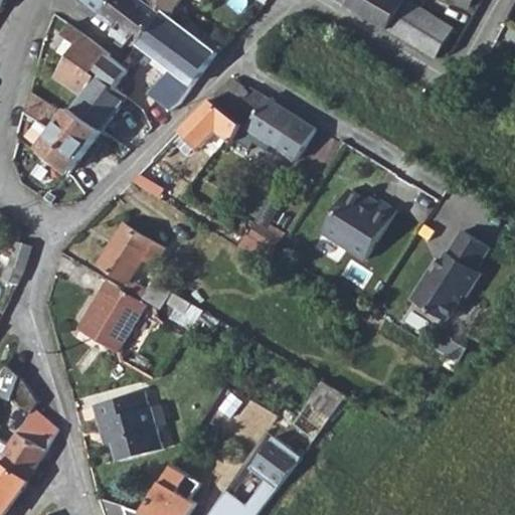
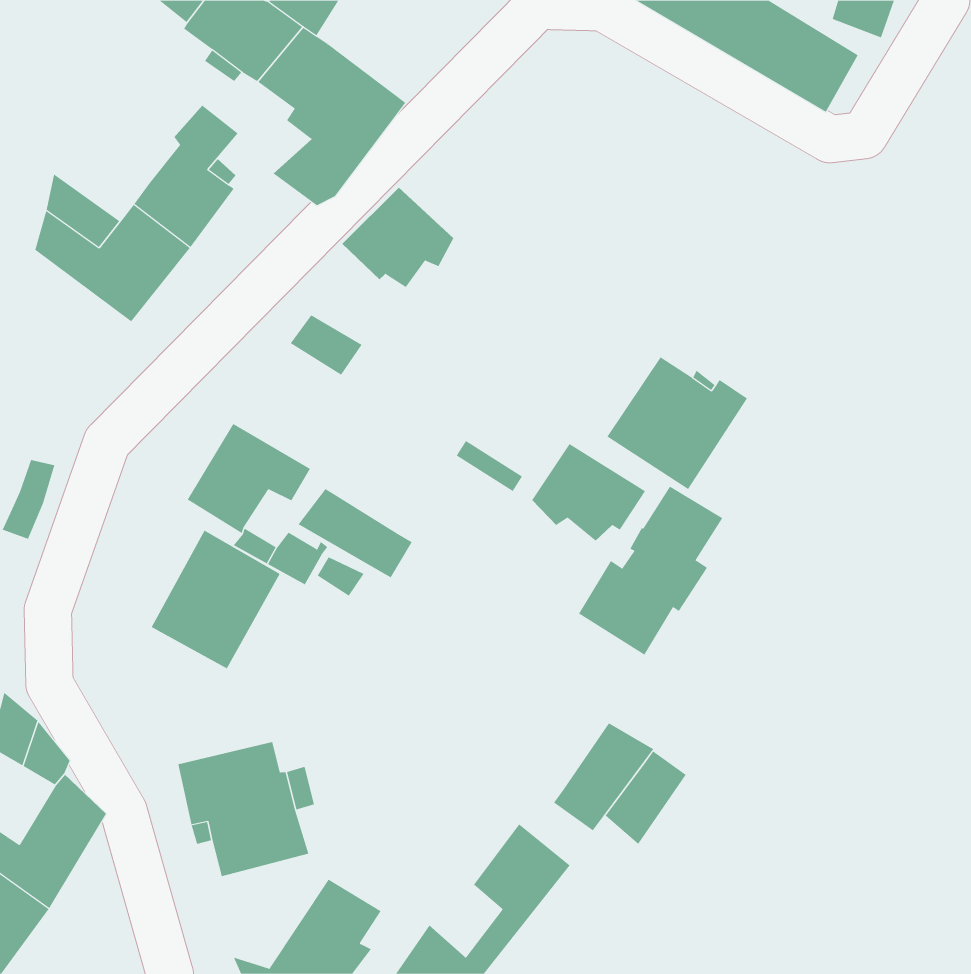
building: [53,26,107,97] -> none
building: [210,78,313,161] -> none
building: [409,231,486,321] -> [578,486,723,656]
building: none -> [531,443,646,542]
building: none -> [298,488,413,578]
building: none -> [605,751,687,845]

